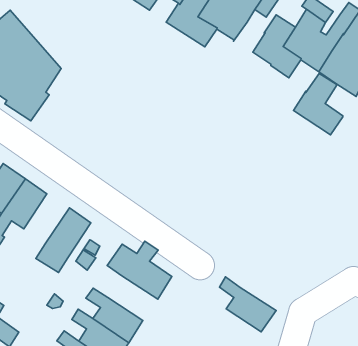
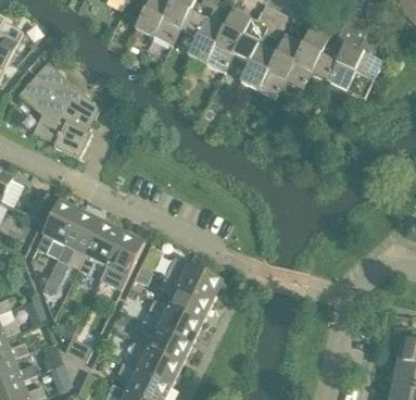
building: [293,73,343,135] -> [240,43,285,97]
building: none -> [77,220,123,272]
building: [219,277,276,332] -> [159,276,212,321]

